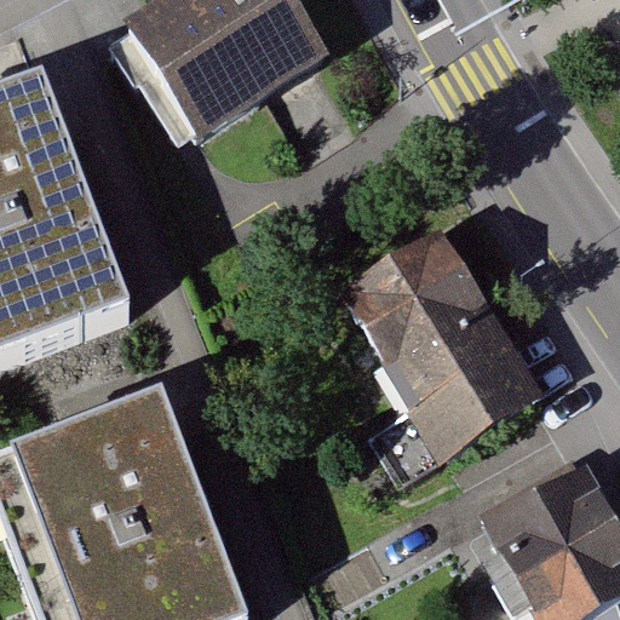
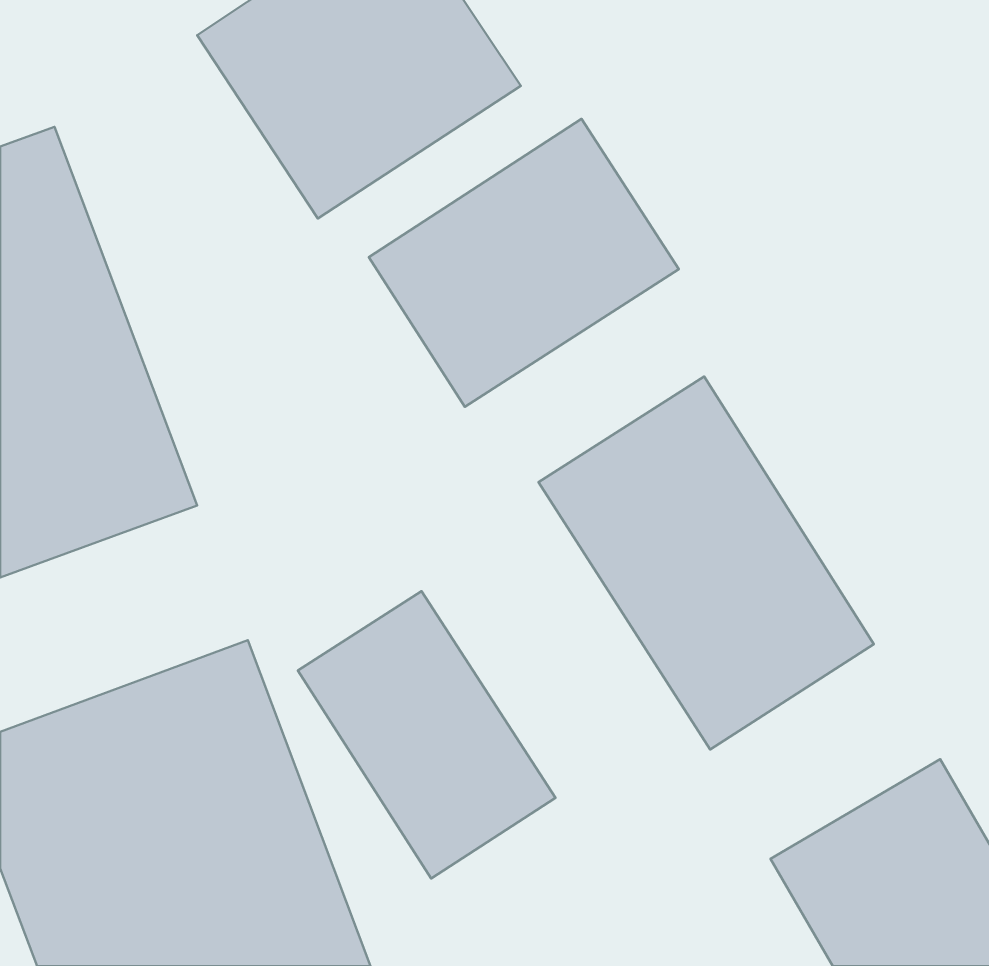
building: none -> [369,119,679,407]
building: none -> [298,591,556,878]

